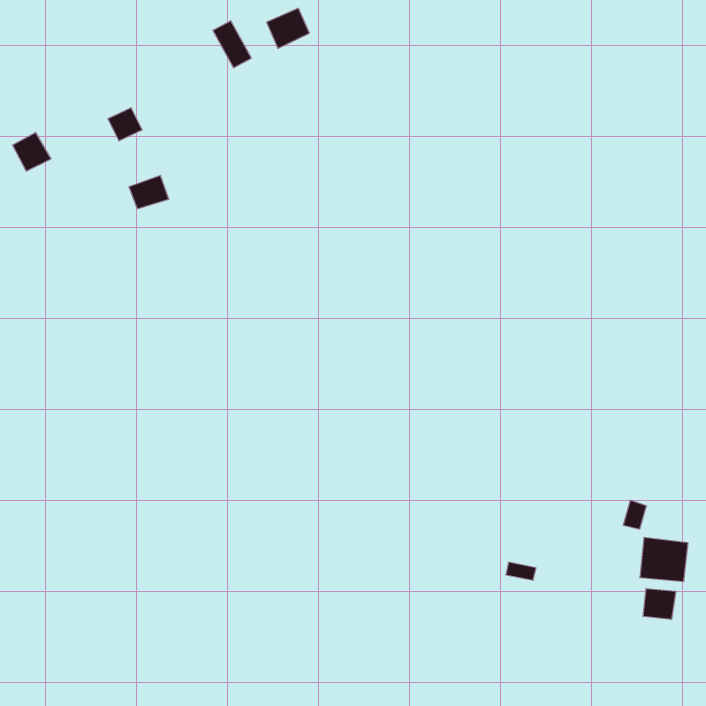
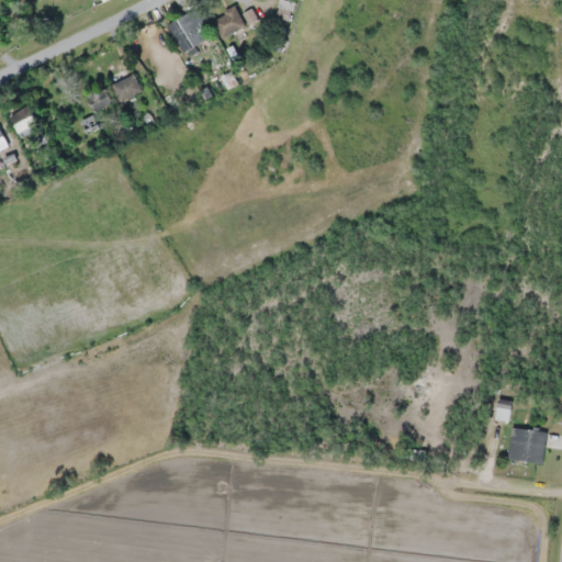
building: [129,176,169,209] -> [111,75,143,101]
building: [643,588,676,620] -> none

